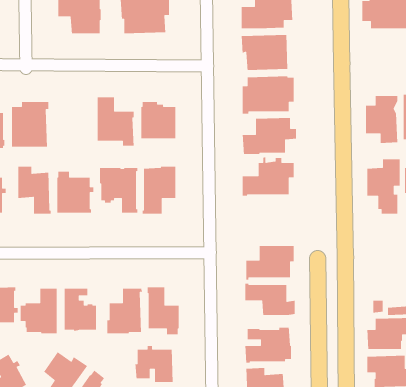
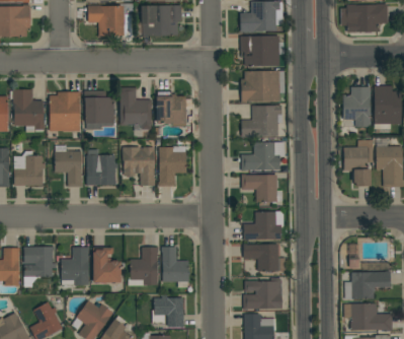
building: none -> [84,91,114,124]
building: none -> [242,175,282,202]

